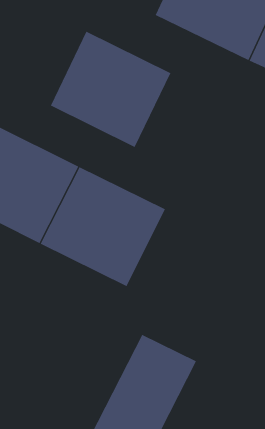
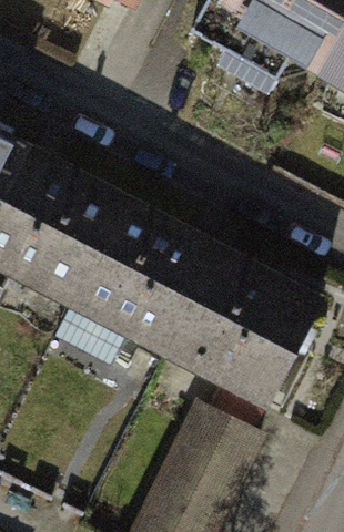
building: [50,31,171,148] -> none
building: none -> [175,262,324,405]

